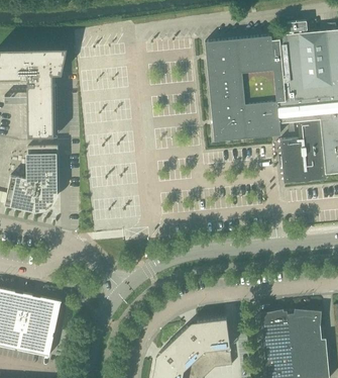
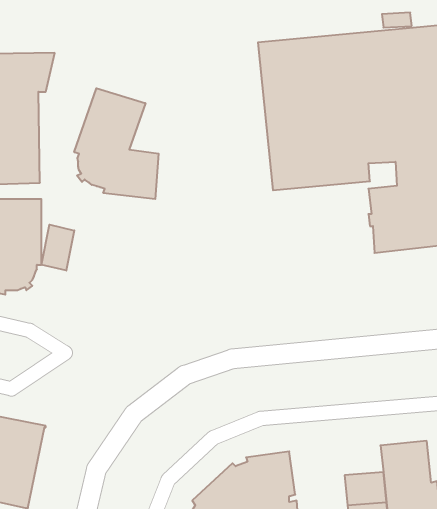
building: none -> [74,88,159,199]
building: none -> [41,225,74,271]
building: [261,311,290,335] -> none

